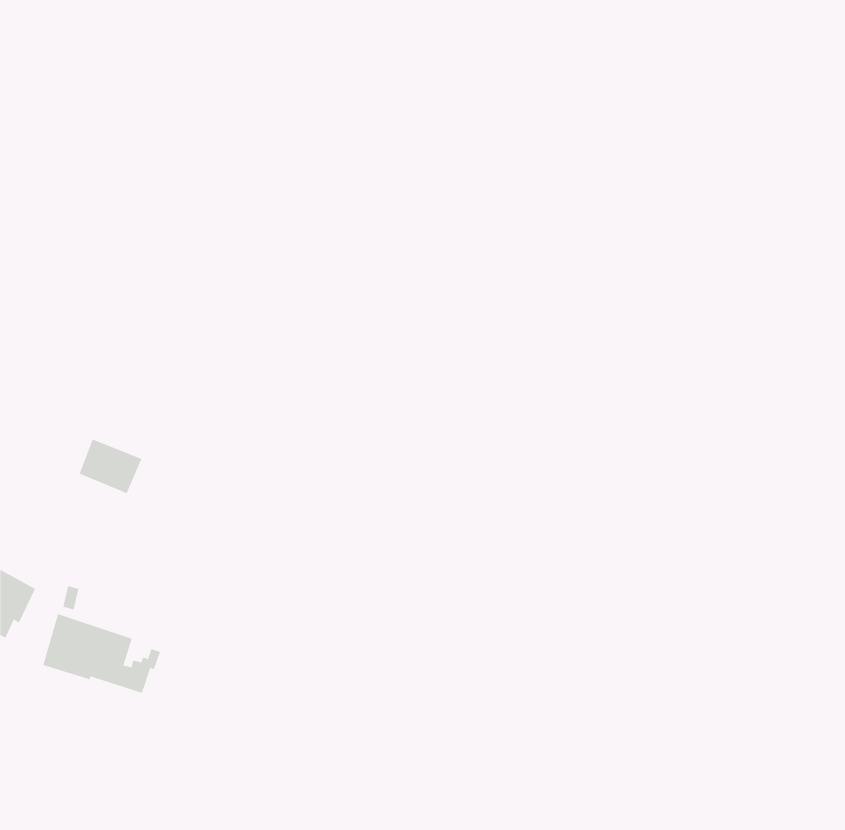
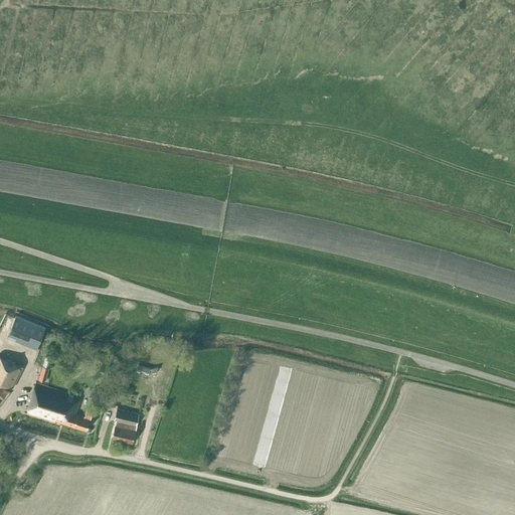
building: [79,439,142,494] -> [7,316,45,349]
building: none -> [112,409,139,443]

